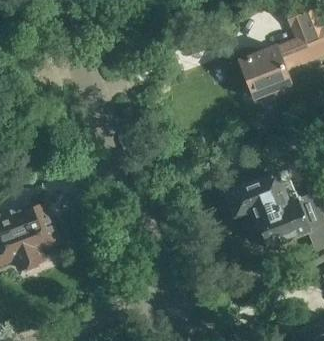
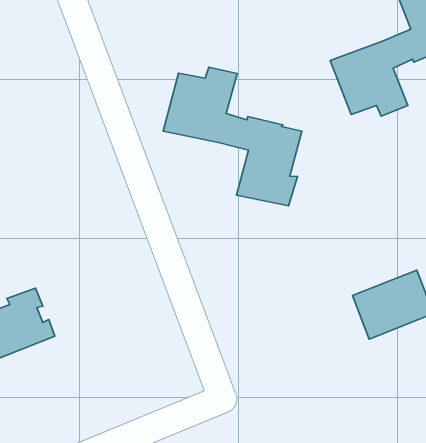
building: none -> [163,67,302,206]
building: [227,173,299,217] -> none

